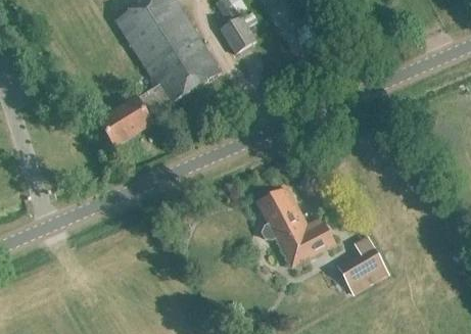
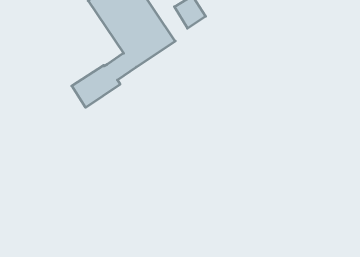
building: [258,186,331,264] -> none
building: [335,245,386,294] -> none

